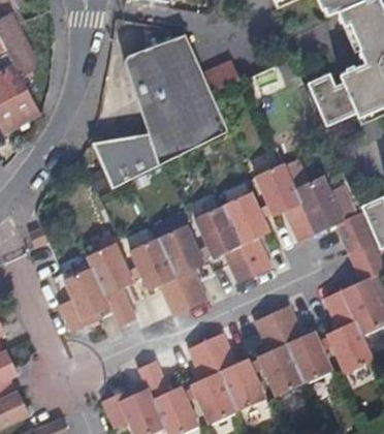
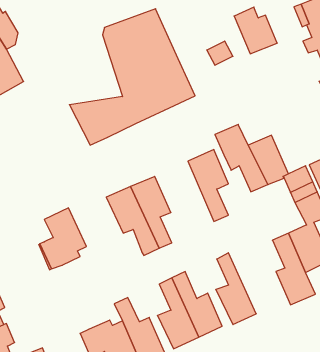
building: [309,75,358,129] -> [234,7,277,54]
building: [197,206,254,282] -> none
building: [83,237,132,323] -> none
building: [270,305,331,381] -> none

